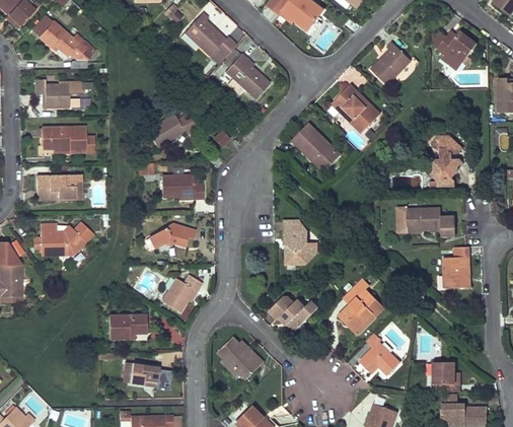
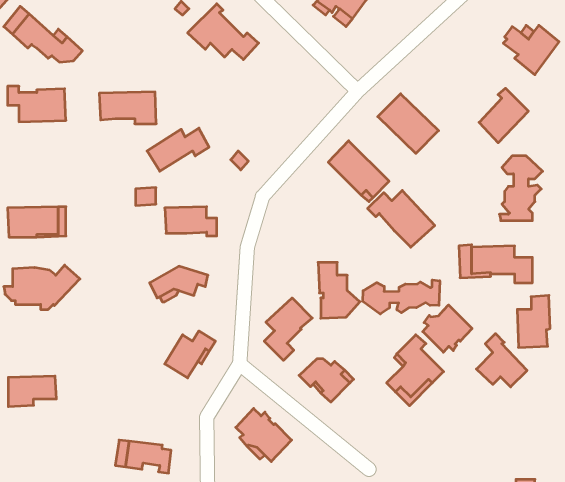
building: [371,42,411,85] -> [479,88,528,143]
building: [225,54,270,99] -> none
building: [41,127,86,152] -> [99,92,156,124]
building: none -> [368,190,435,247]
building: none -> [363,280,440,314]
building: none -> [264,298,312,360]
building: none -> [423,305,472,352]
building: [108,314,147,339] -> [8,376,56,407]
building: [359,333,399,375] -> [476,334,527,387]
building: [433,362,455,383] -> none

